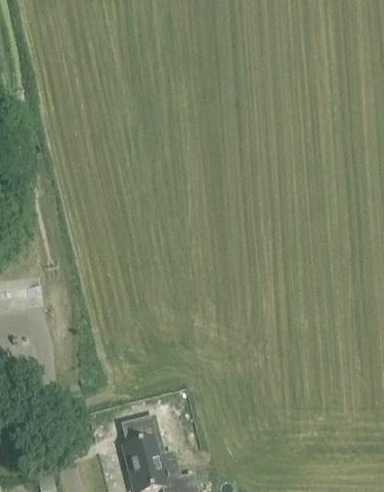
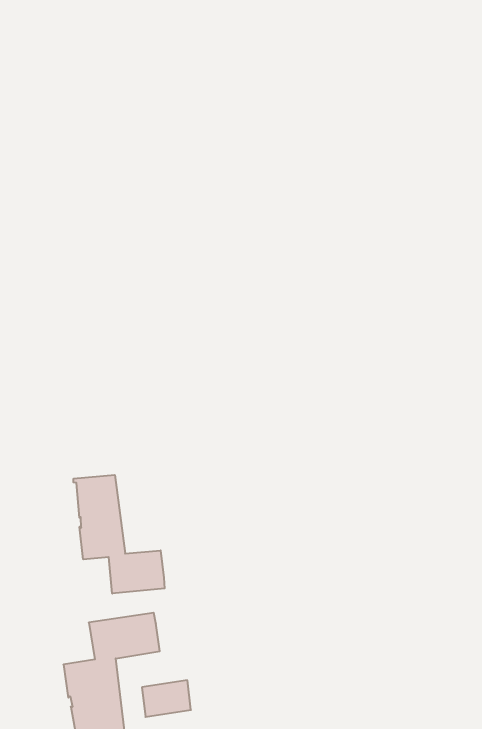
building: none -> [73,475,165,594]

